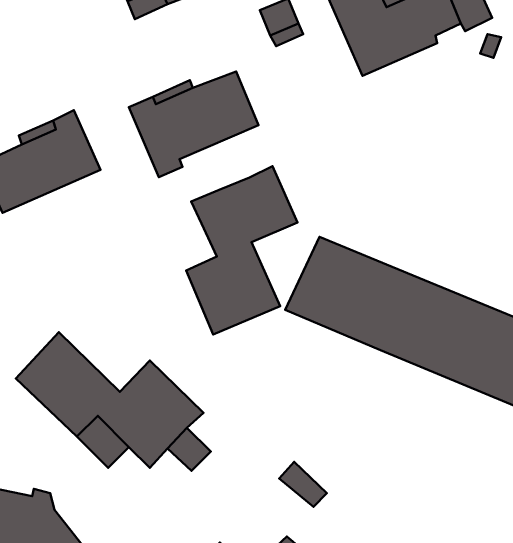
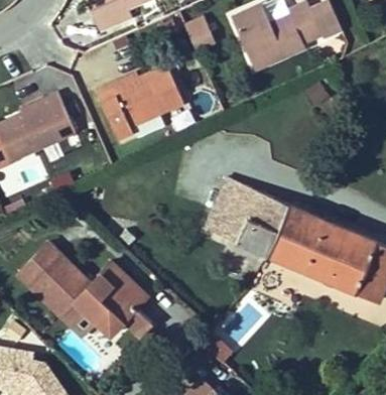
building: [186,166,297,334] -> none

